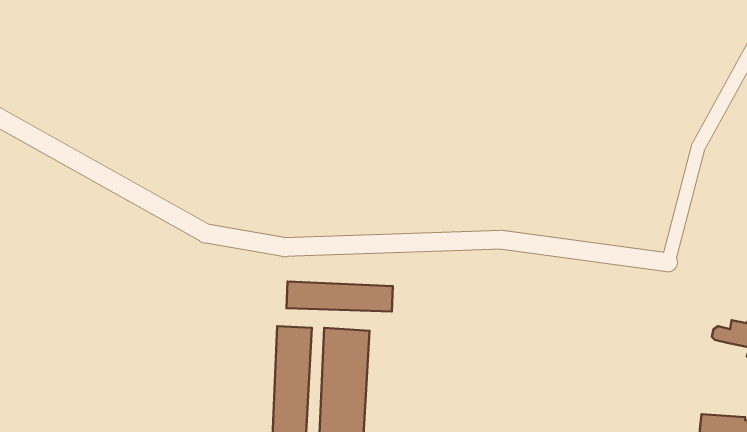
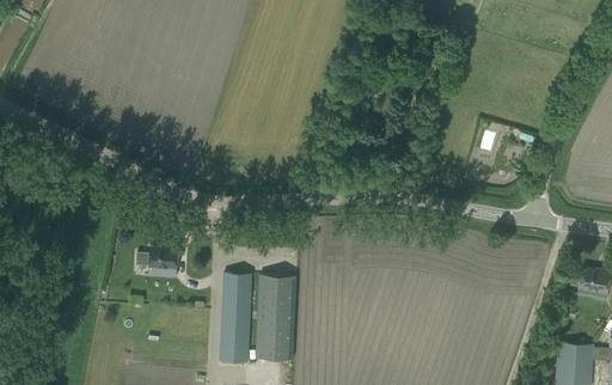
building: [286,281,393,312] -> none
building: none -> [136,245,177,276]

